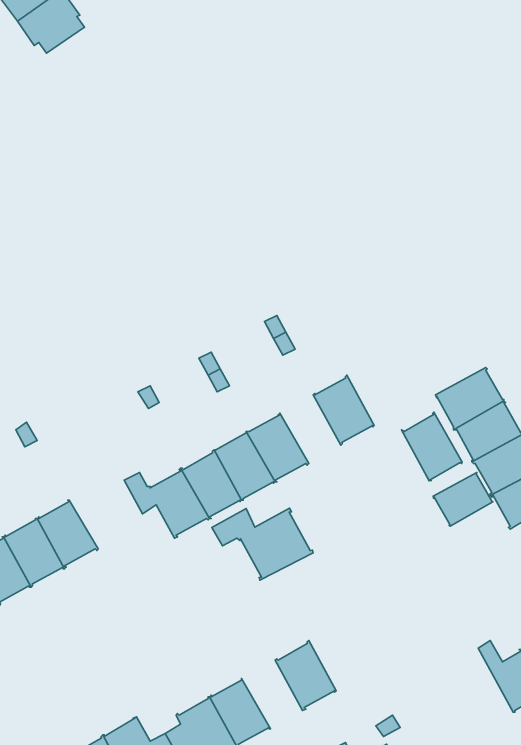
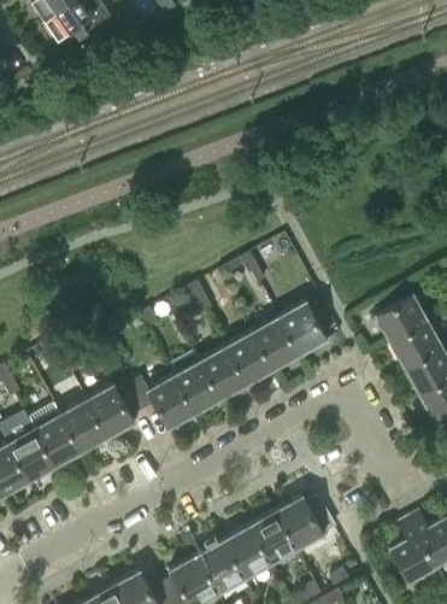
building: none -> [252,316,300,370]
building: [402,412,462,481] -> none
building: [433,473,493,526] -> none
building: none -> [86,383,143,438]
building: [212,508,313,580] -> none
building: none -> [275,495,324,550]
building: none -> [389,516,436,582]
building: none -> [222,526,270,580]

